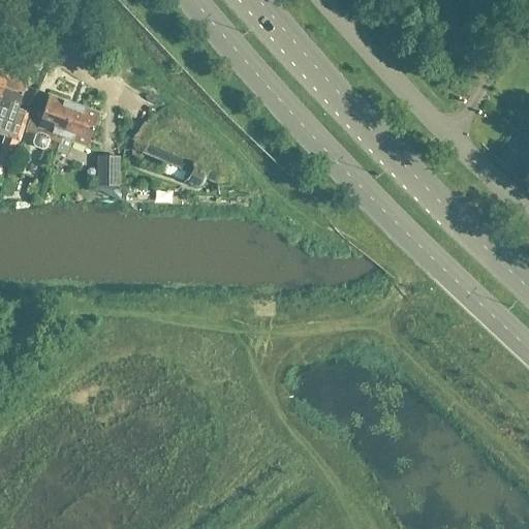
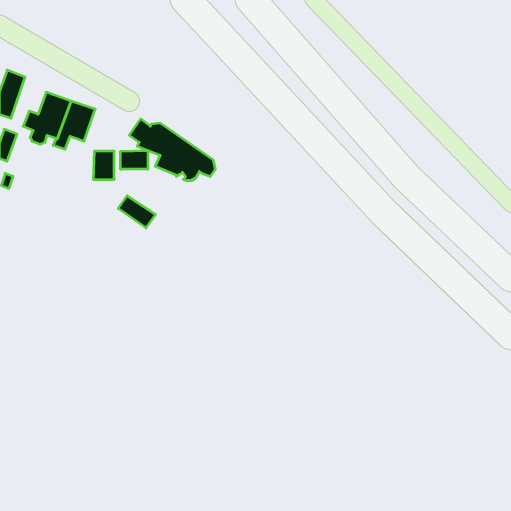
building: none -> [121,150,148,169]
building: none -> [118,196,155,228]

